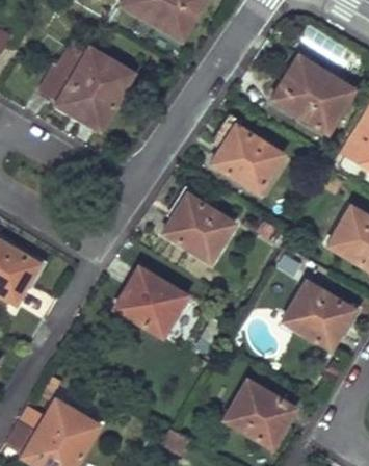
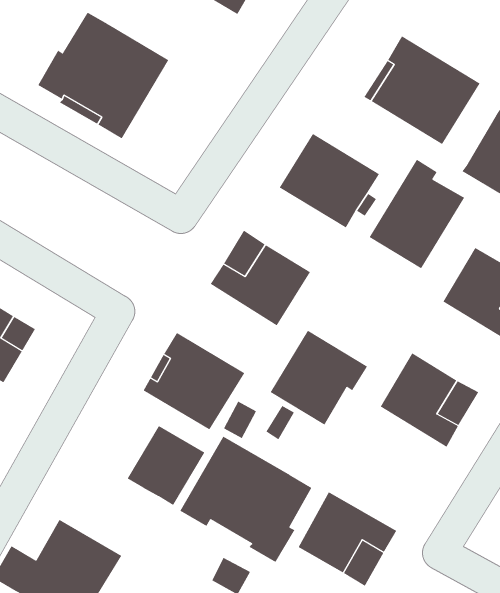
building: none -> [369,159,465,269]
building: none -> [270,330,368,426]
building: none -> [127,425,205,506]
building: none -> [180,436,312,563]

